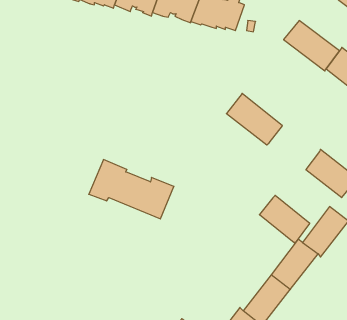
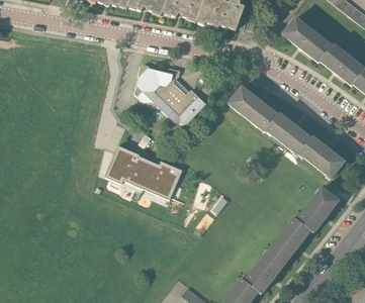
building: none -> [134,64,206,123]
building: [259,195,310,243] -> [267,112,312,155]

